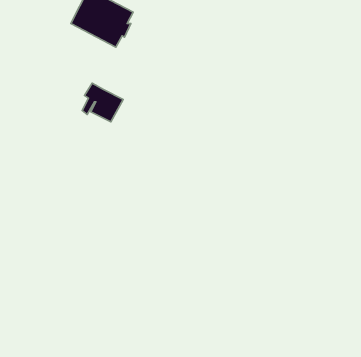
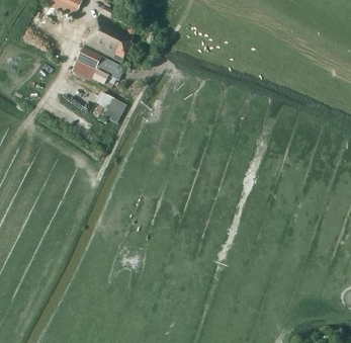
building: none -> [71,46,123,86]

